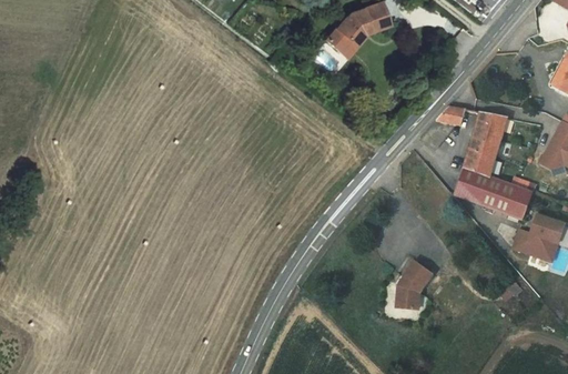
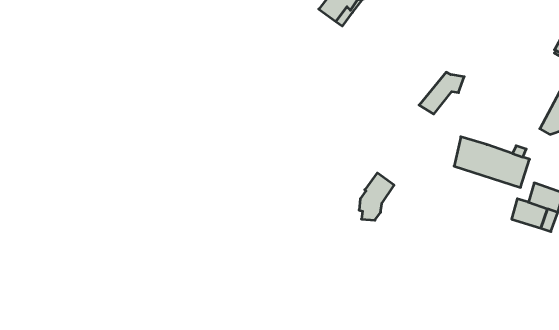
building: [463,110,505,175] -> none
building: [402,260,436,306] -> [359,173,394,220]

